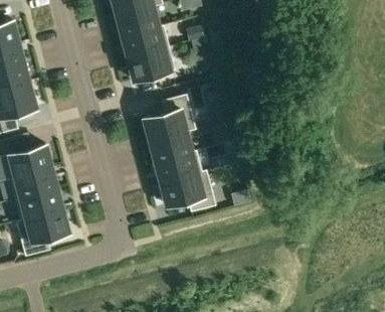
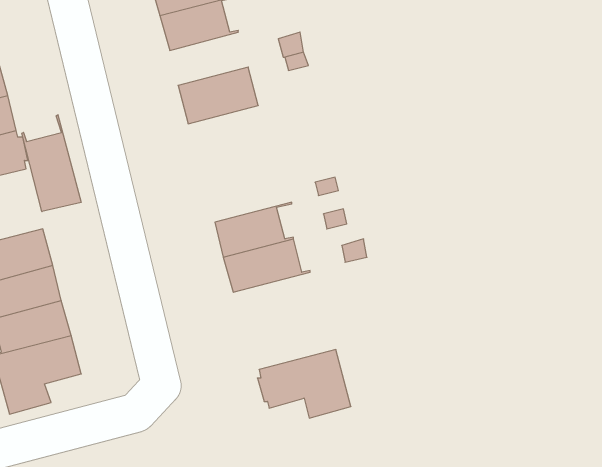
building: [123,26,170,58] -> none
building: none -> [22,115,81,212]
building: [144,95,196,141] -> none
building: [160,171,216,212] -> [257,350,351,418]

